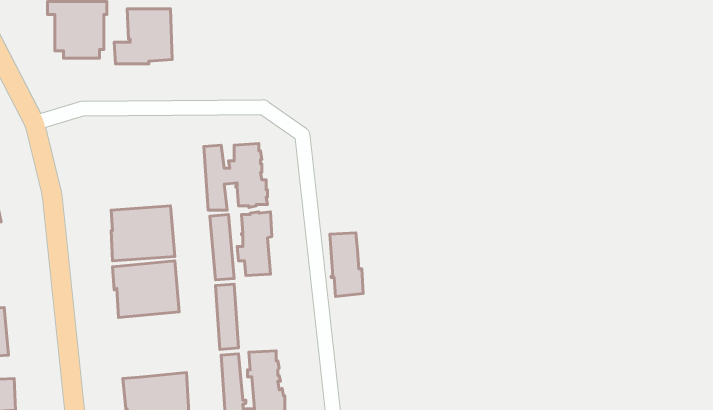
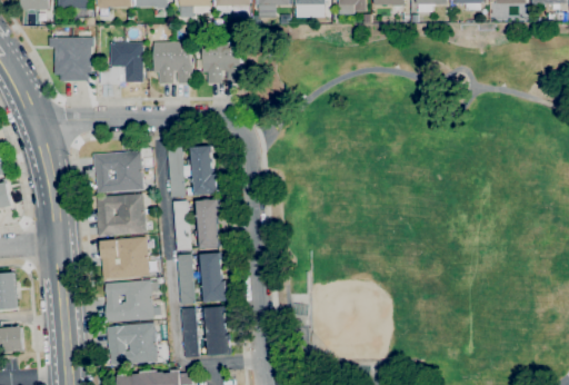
building: none -> [153,41,192,83]
building: none -> [202,41,241,83]
building: none -> [92,150,143,193]
building: [330,233,363,296] -> [200,253,226,302]
building: none -> [104,279,160,322]

